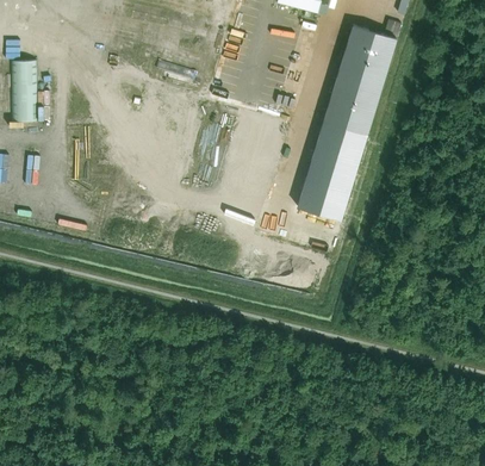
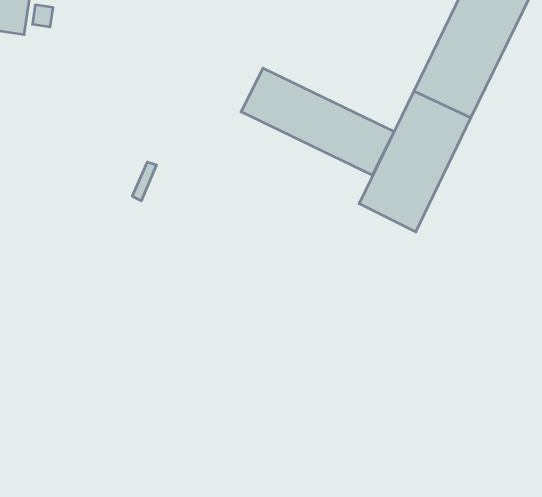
building: none -> [241,68,394,175]

